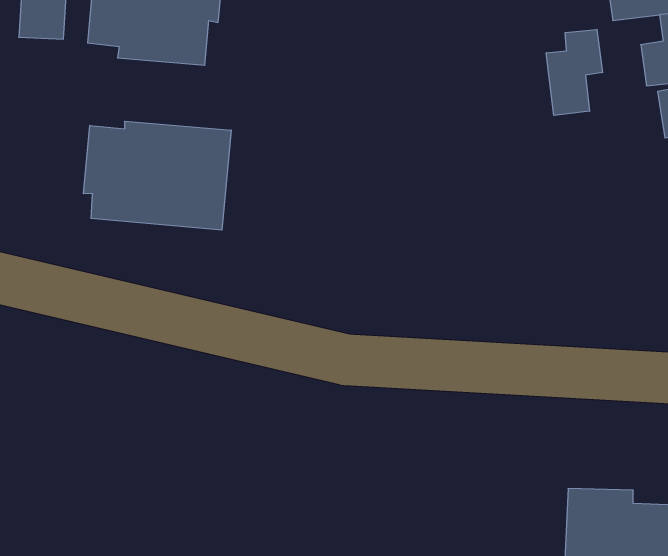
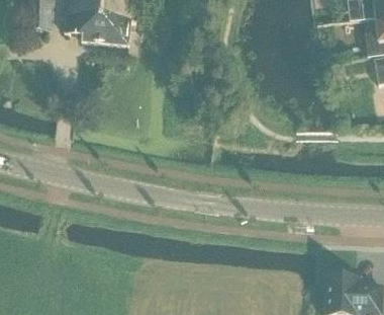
building: [546,29,603,115] -> none
building: [84,121,231,230] -> none

